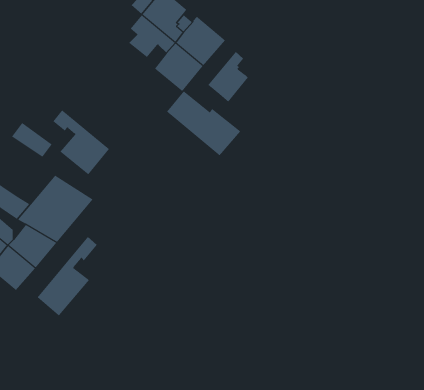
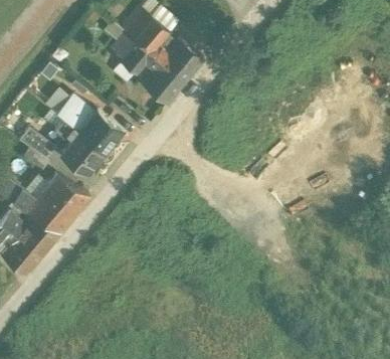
building: [208,51,249,103] -> none
building: [166,90,241,156] -> [58,96,123,152]
building: [37,236,97,318] -> none

